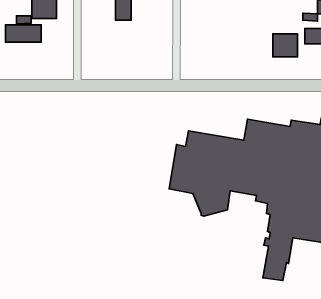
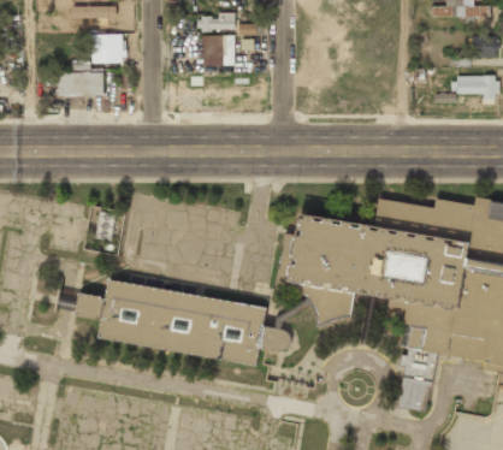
building: [273,34,297,57] -> none
building: none -> [76,279,292,366]

